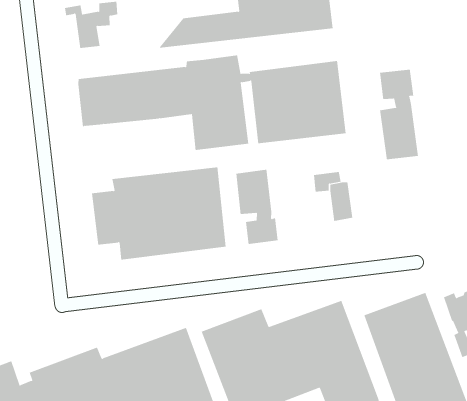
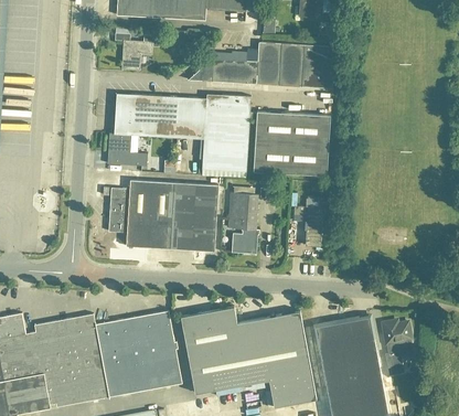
building: [379,69,418,160] -> none
building: none -> [107,132,146,166]

